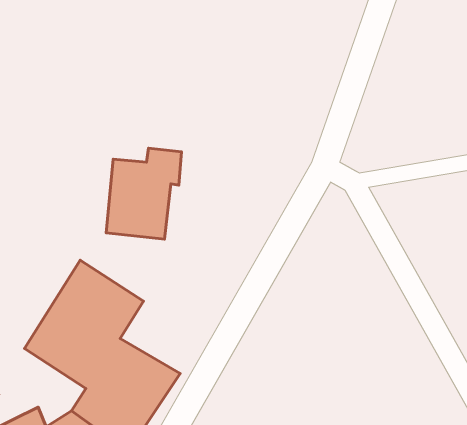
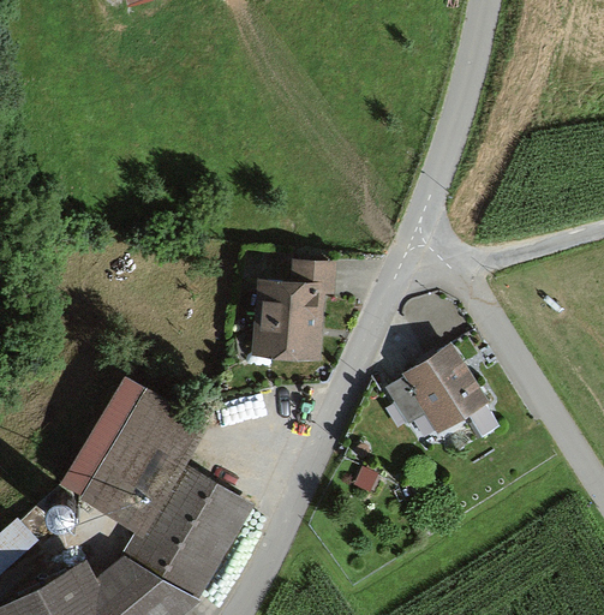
building: [106,148,182,239] -> [251,259,335,366]
building: none -> [381,345,486,437]

